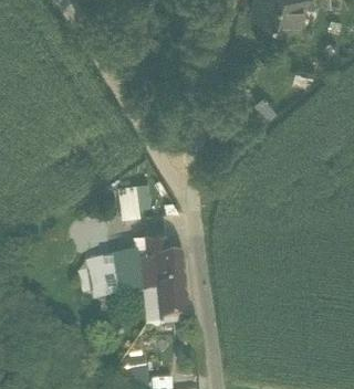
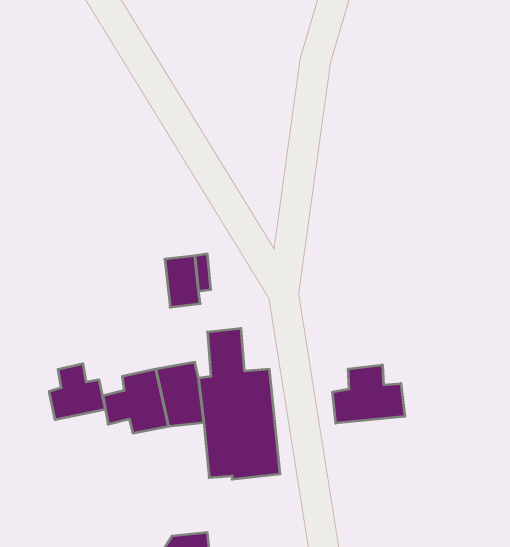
building: none -> [49,364,105,420]
building: none -> [333,365,405,423]

